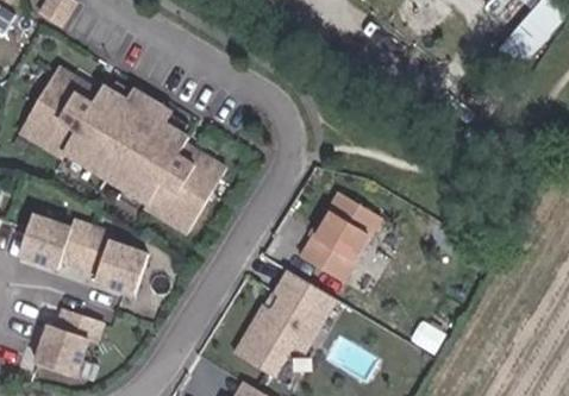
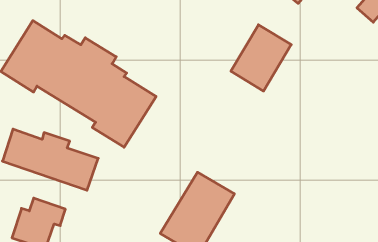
building: [298,193,381,284] -> [231,25,291,91]

